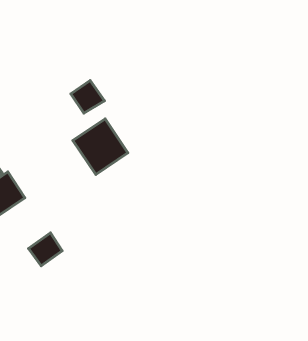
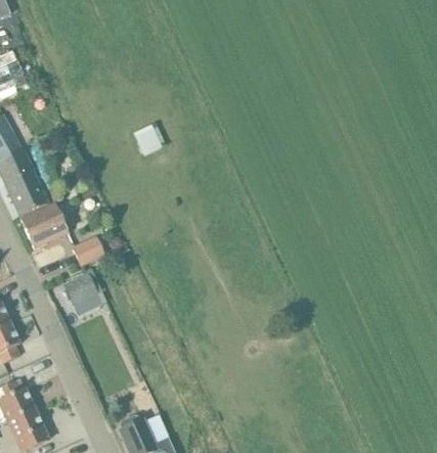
building: [73,119,128,175] -> none
building: none -> [72,237,104,266]

